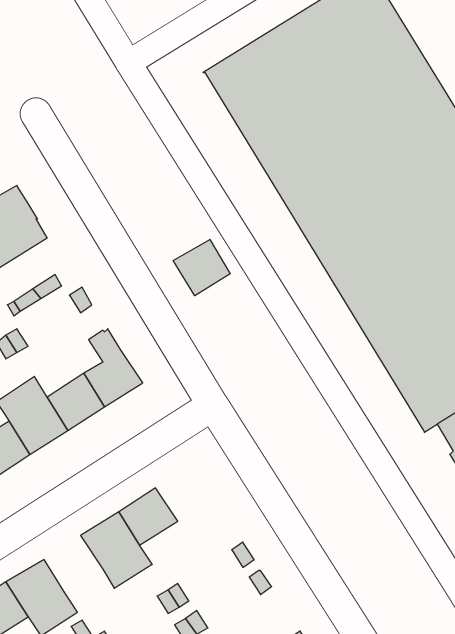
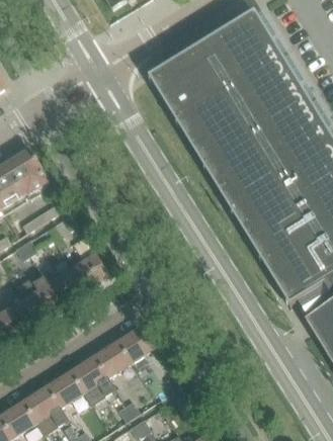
building: [173,239,230,296] -> none
building: none -> [118,325,156,361]
building: none -> [48,370,85,407]

